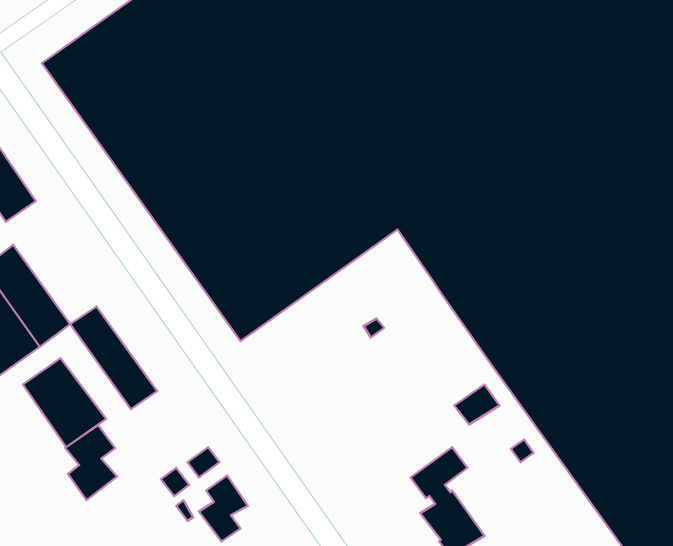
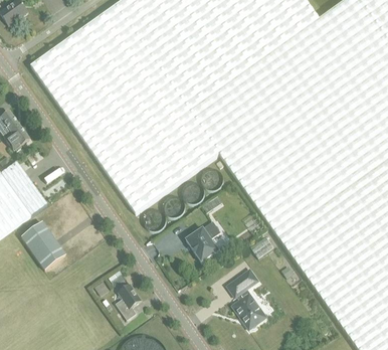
building: [70,306,157,409] -> none
building: none -> [185,221,220,264]
building: [65,425,117,500] -> none

